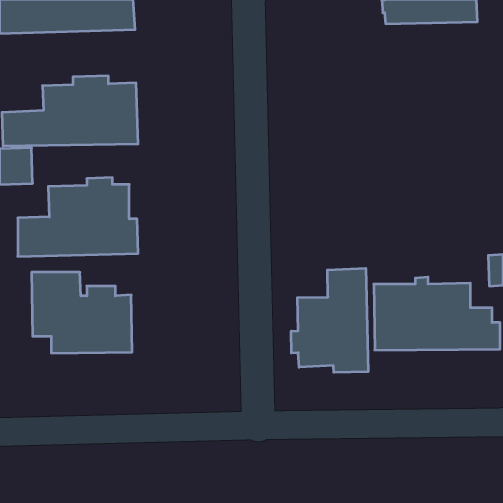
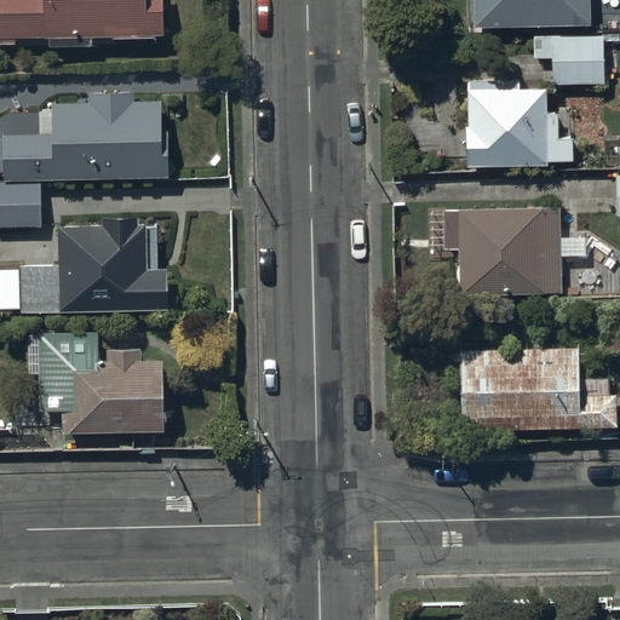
building: none -> [532,36,602,85]
building: none -> [464,81,572,168]
building: none -> [441,207,584,295]
building: [291,268,368,372] -> none

